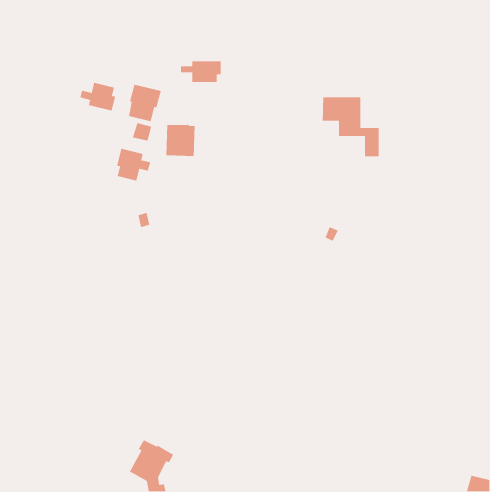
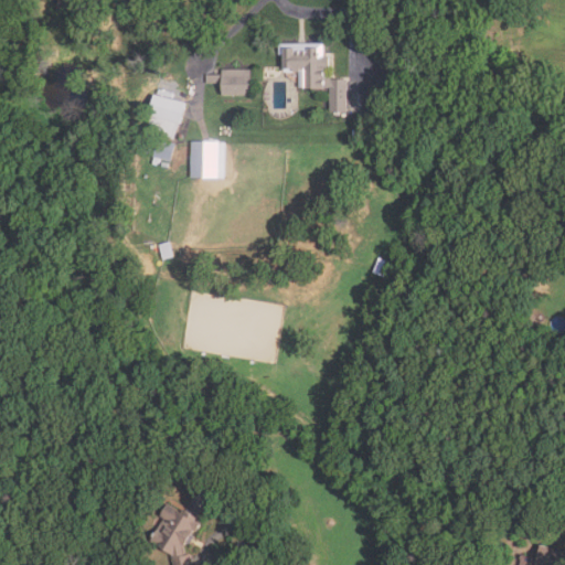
building: [80,82,116,112] -> none
building: [322,96,379,157] -> [279,43,345,113]
building: [116,148,151,181] -> none

